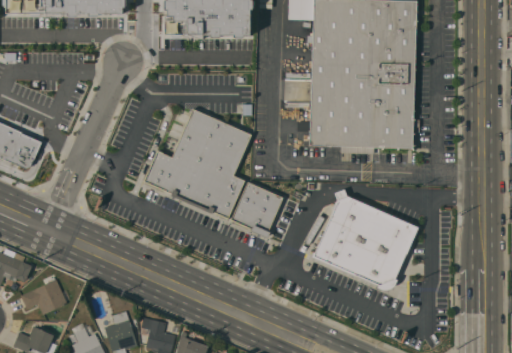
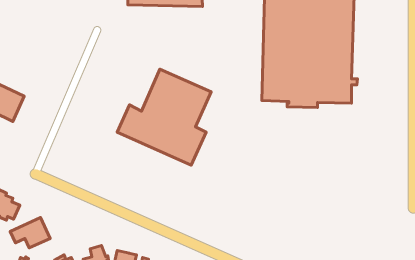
building: [233,182,286,237] -> none
building: [306,196,413,285] -> none

